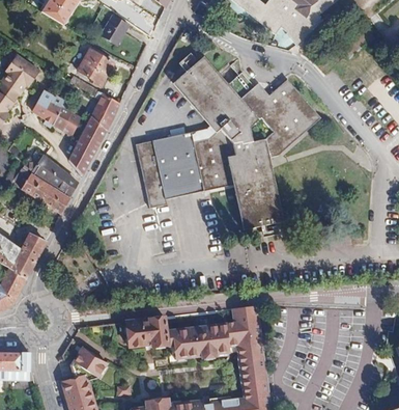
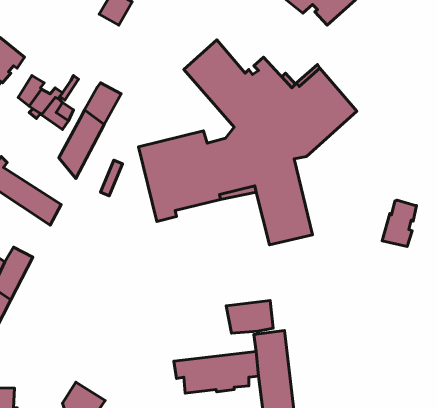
building: [75,48,109,84] -> none
building: [33,152,78,194] -> none
building: none -> [382,200,417,246]
building: none -> [226,300,273,333]
building: [125,316,167,346] -> none

